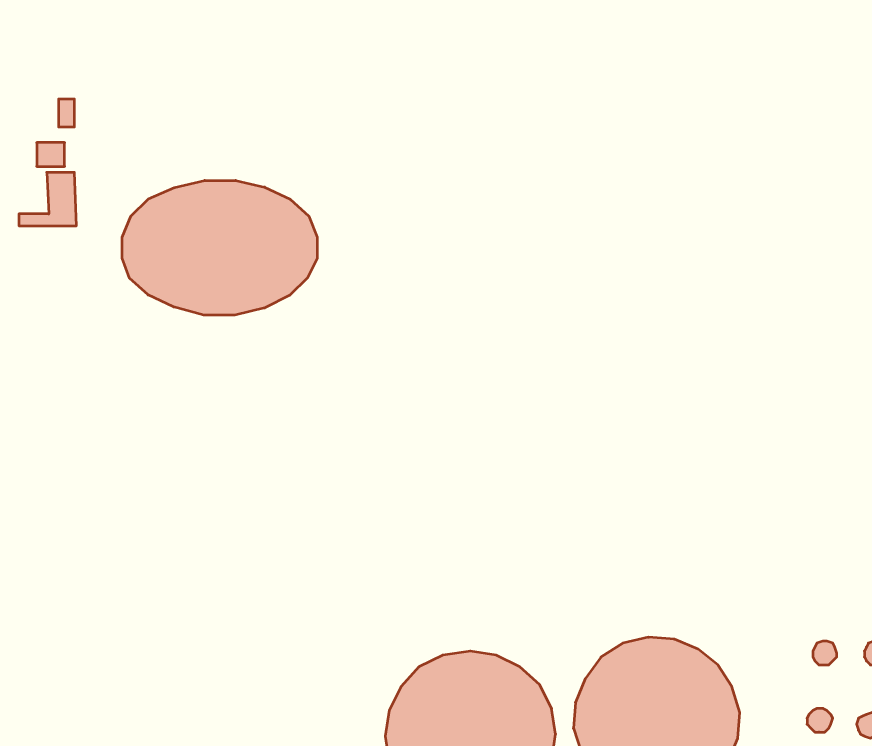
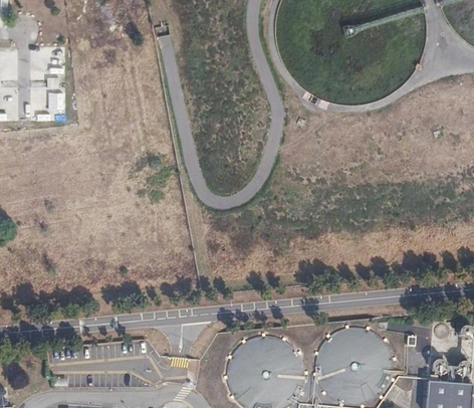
building: [122,180,317,315] -> none

